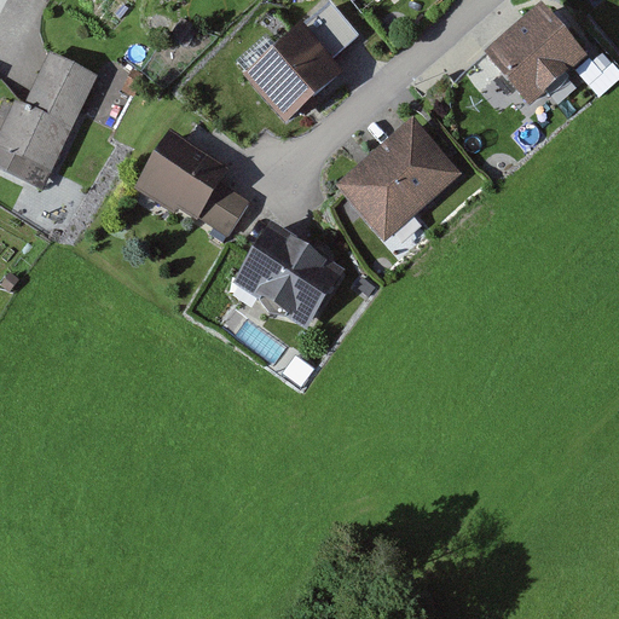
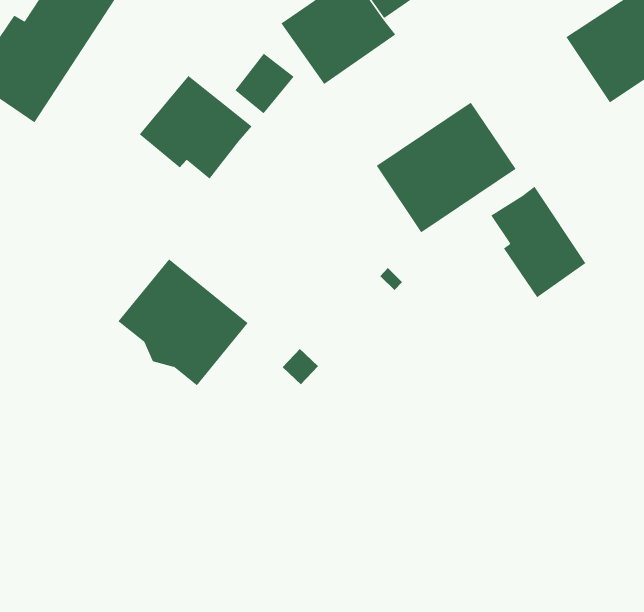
building: [198,181,248,233] -> [234,53,295,114]
building: none -> [490,186,586,298]
building: [232,221,343,326] -> [118,258,249,386]

